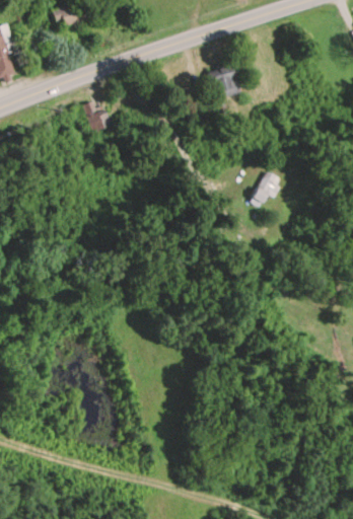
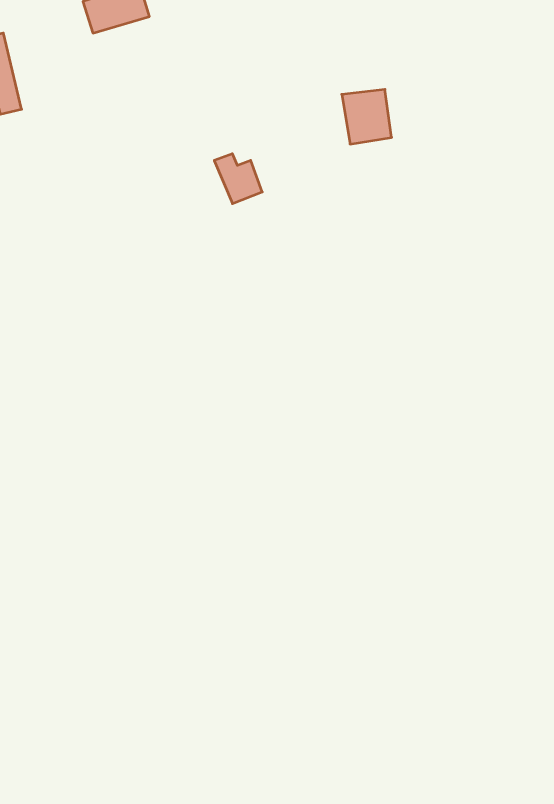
building: [81,100,111,131] -> [214,154,262,204]
building: [250,171,281,207] -> none

